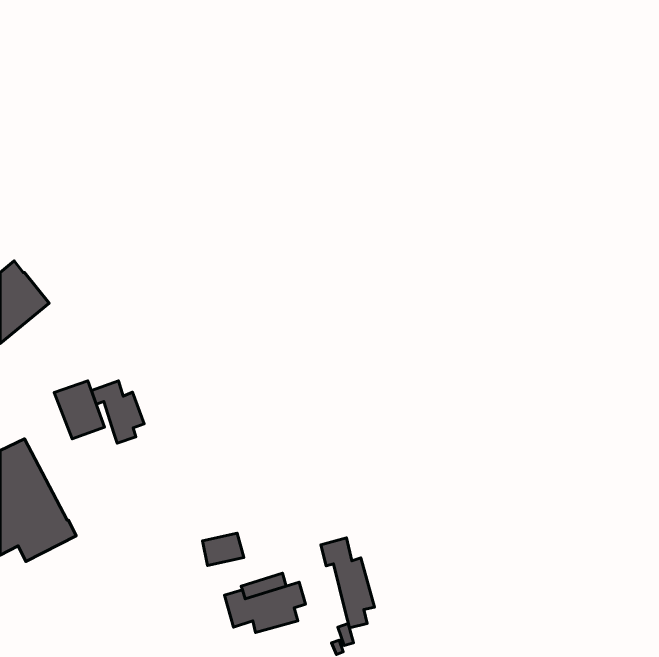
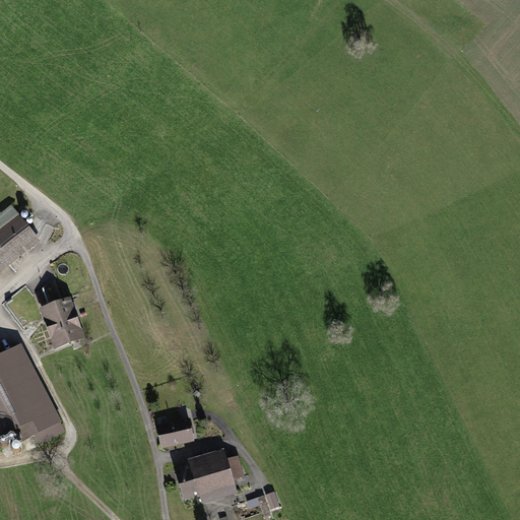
building: [91,381,144,443] -> none
building: [321,538,374,628] -> none

